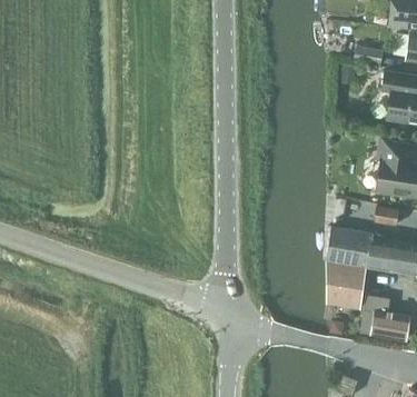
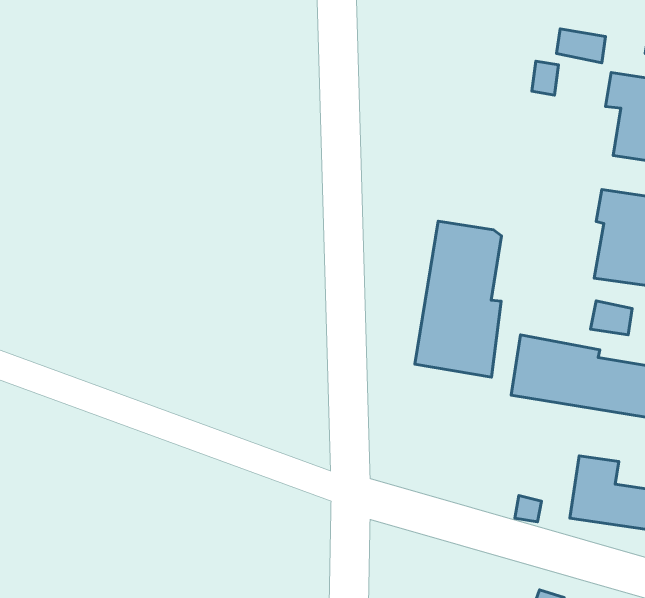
building: none -> [415,221,501,377]
building: [327,261,367,309] -> none

